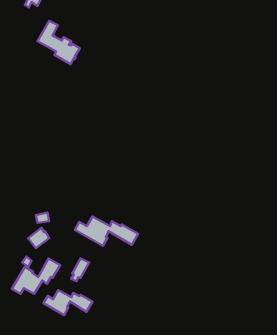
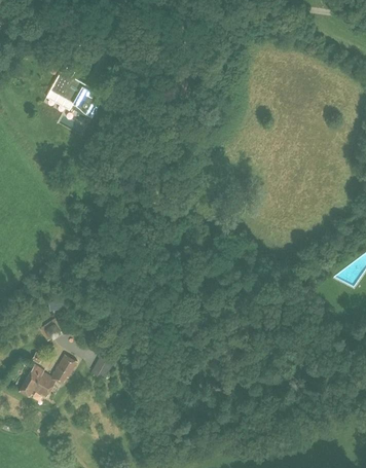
building: [75,217,138,246] -> none
building: [44,290,93,315] -> none

